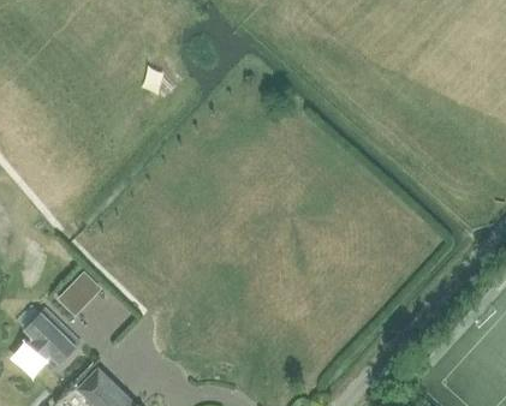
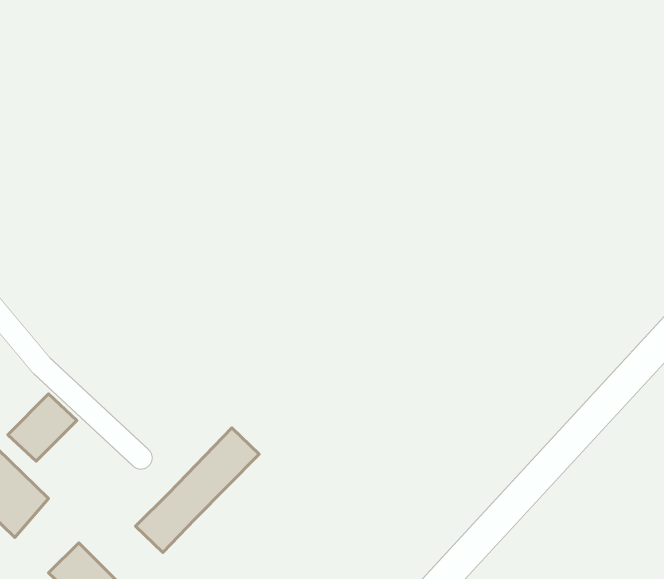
building: none -> [135,428,259,553]

